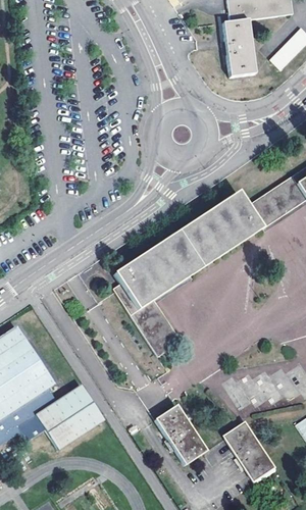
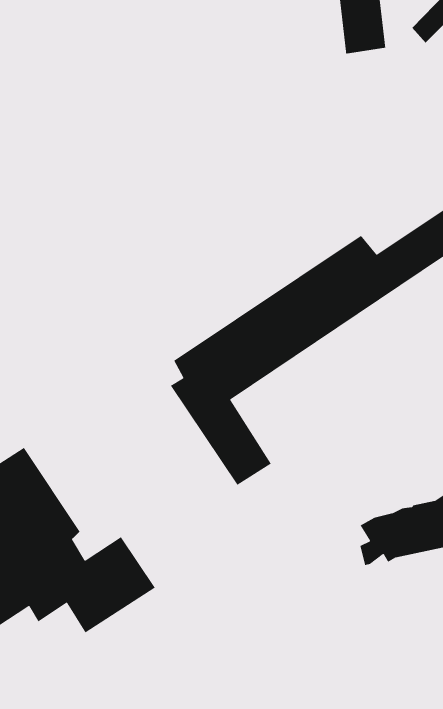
building: [155,403,207,463] -> none
building: [226,423,277,481] -> none

